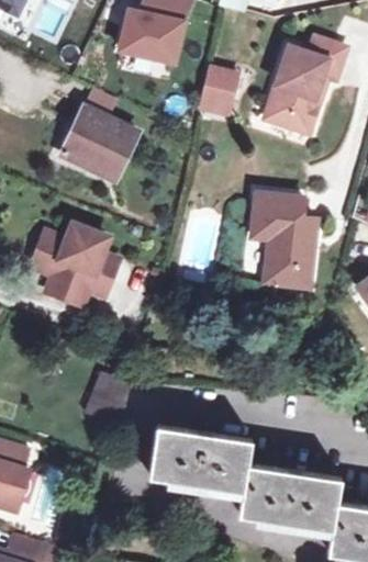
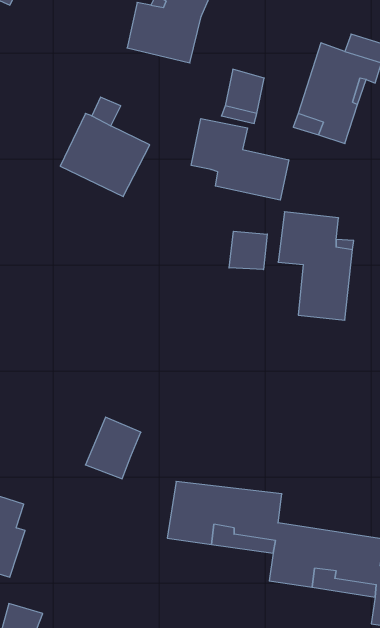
building: none -> [191,119,289,200]
building: none -> [229,231,267,270]
building: [32,227,115,305] -> none

